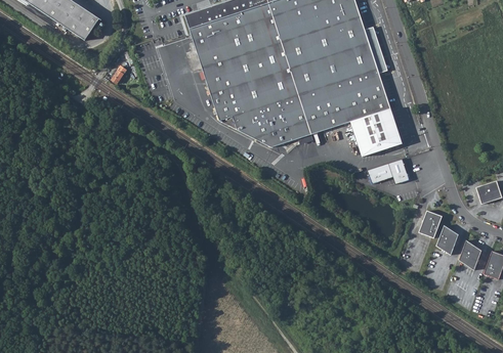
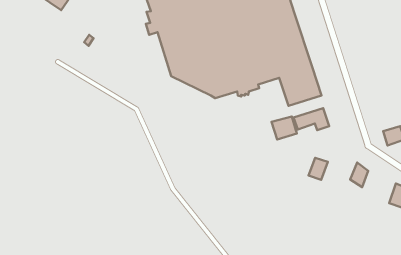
building: none -> [272,116,297,140]
building: [418,210,442,236] -> [308,158,328,180]
building: [458,239,480,269] -> none

